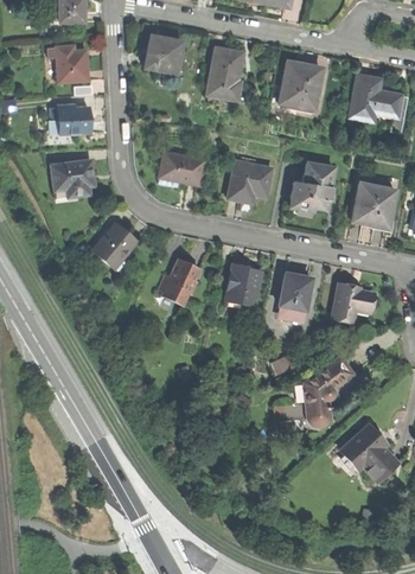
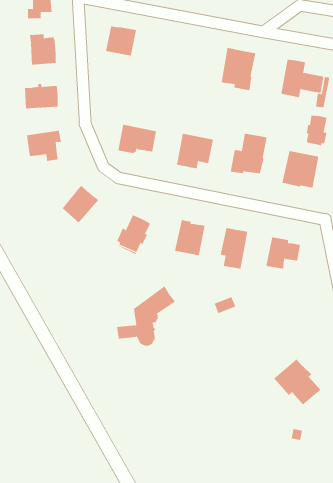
building: [208,47,242,98] -> none
building: none -> [306,115,327,146]
building: [283,355,353,426] -> [116,285,176,346]

